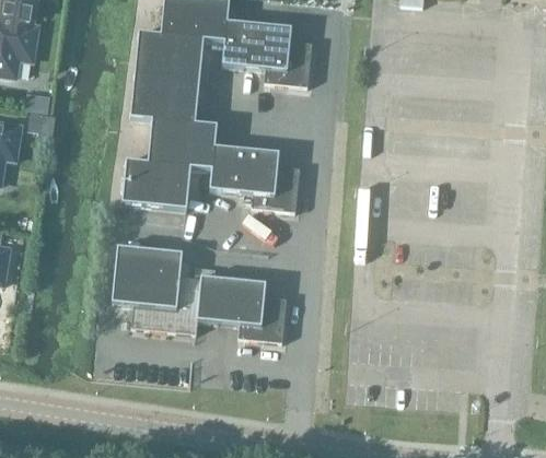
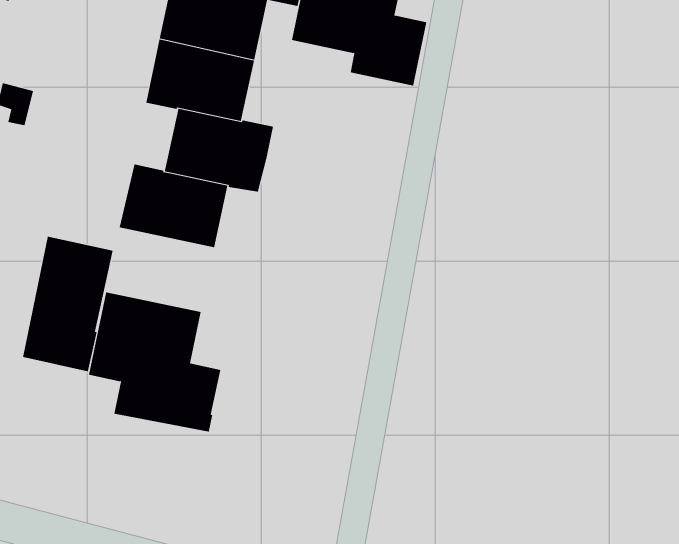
building: [210,145,300,211] -> none
building: none -> [23,236,113,372]
building: [197,277,287,341] -> none

